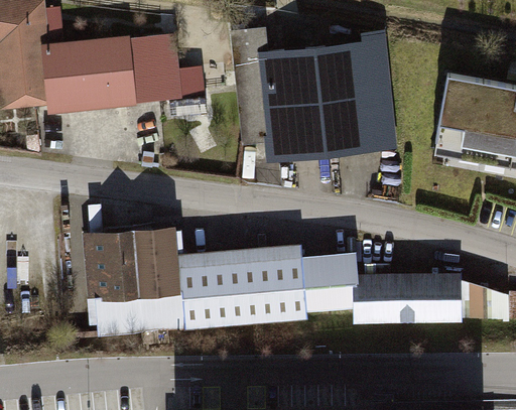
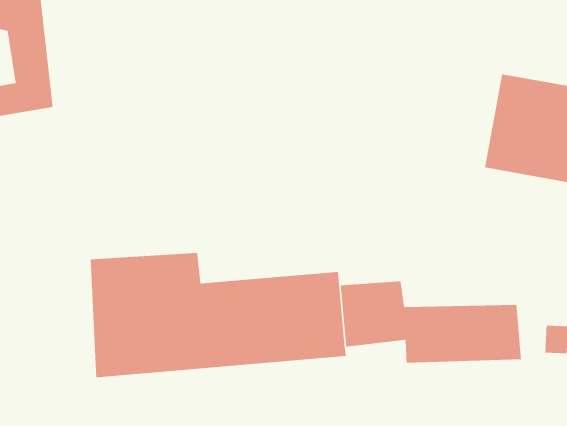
building: [45,30,185,116] -> none
building: [261,32,399,164] -> none

